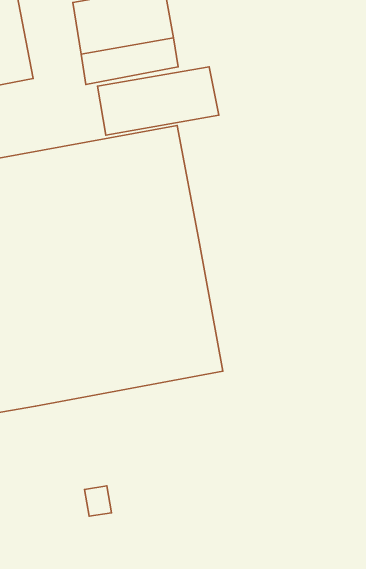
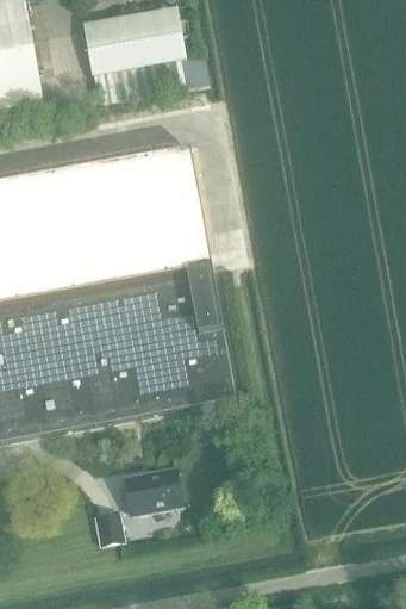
building: [98,67,219,135] -> none
building: none -> [121,470,181,516]

